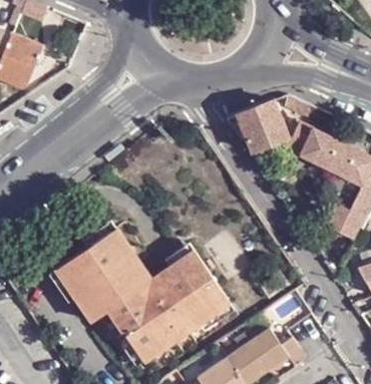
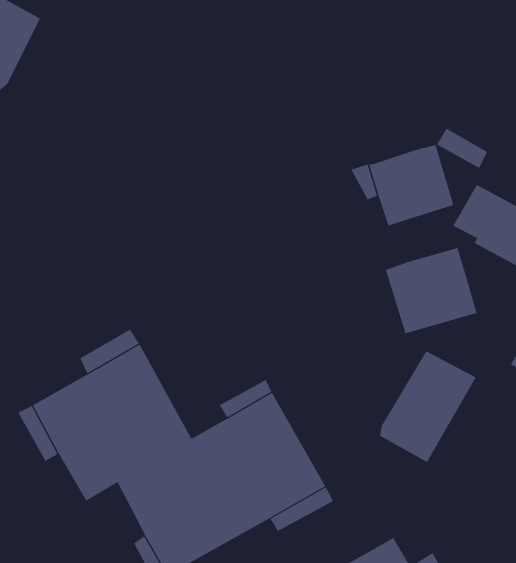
building: none -> [385,246,477,334]
building: none -> [379,350,477,463]

